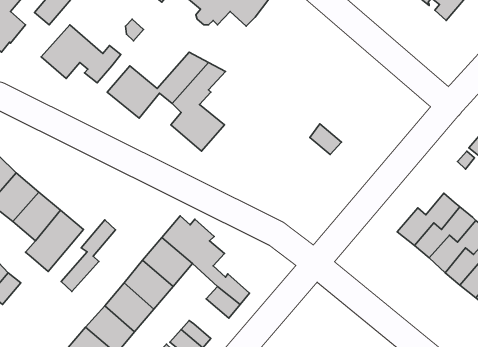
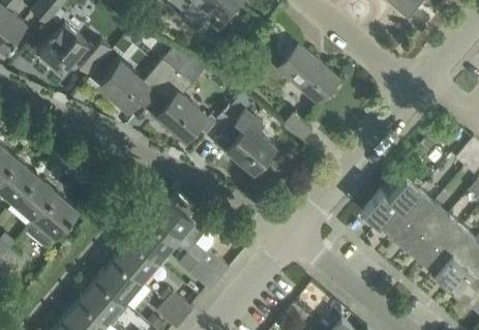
building: none -> [277,46,339,106]
building: none -> [217,93,274,173]
building: [61,220,115,292] -> none

